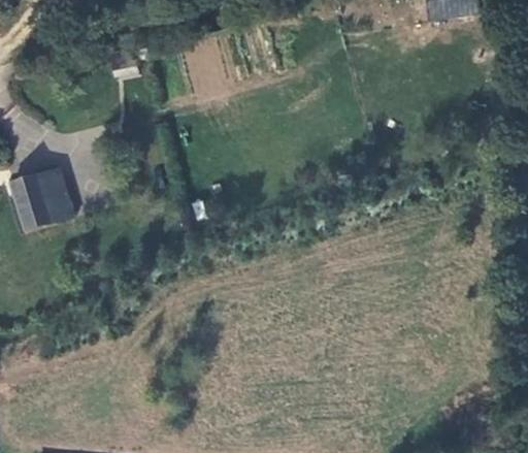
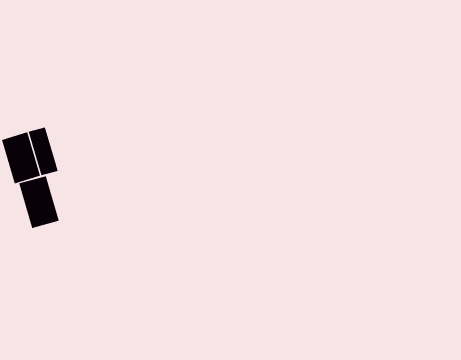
building: none -> [19,175,60,229]

